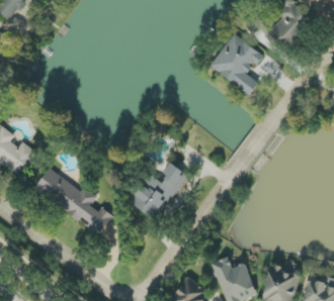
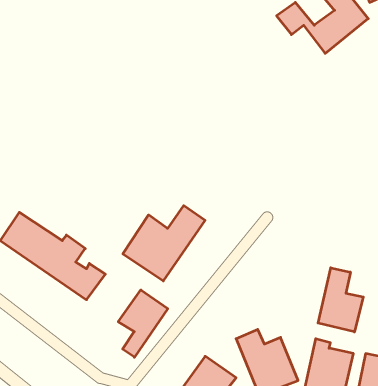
building: [210,34,264,94] -> none
building: none -> [318,268,363,332]
building: none -> [118,290,168,357]

